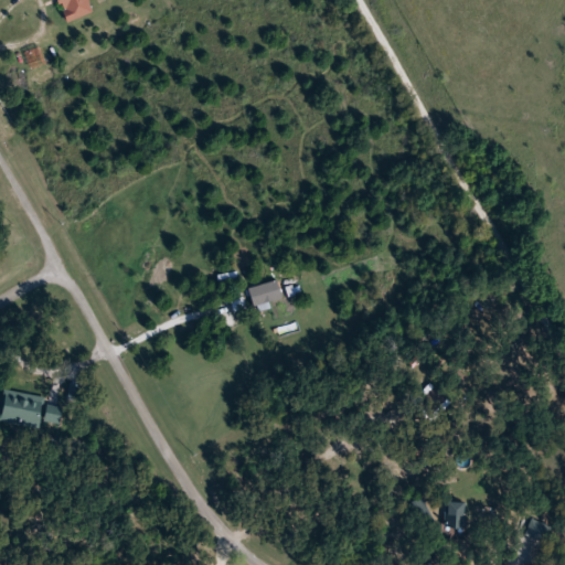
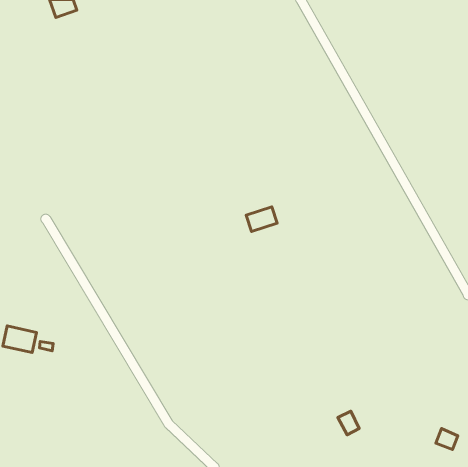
building: [247,278,285,308] -> [246,207,277,231]
building: [446,500,467,525] -> none

